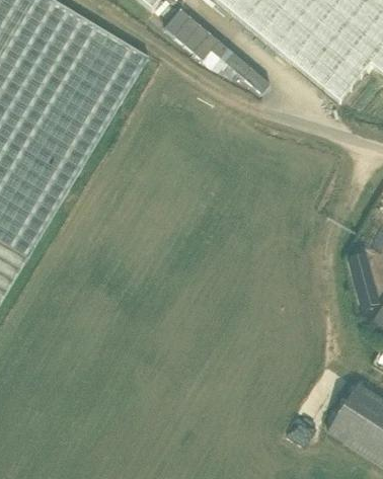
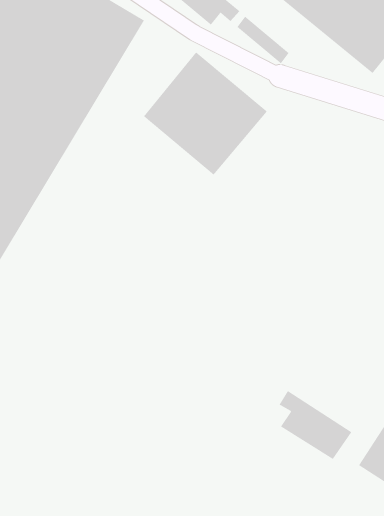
building: none -> [143,51,267,176]
building: none -> [279,390,352,460]

